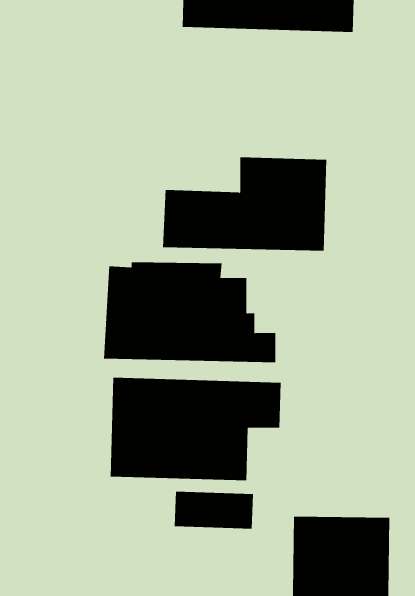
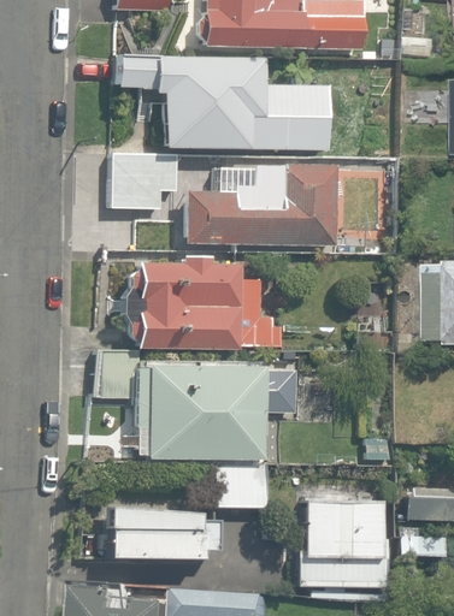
building: none -> [111,55,323,152]
building: none -> [106,152,181,211]
building: none -> [107,503,217,556]

